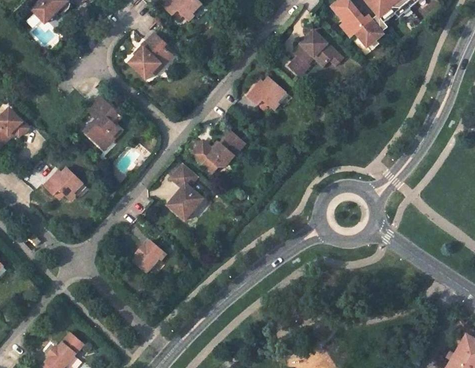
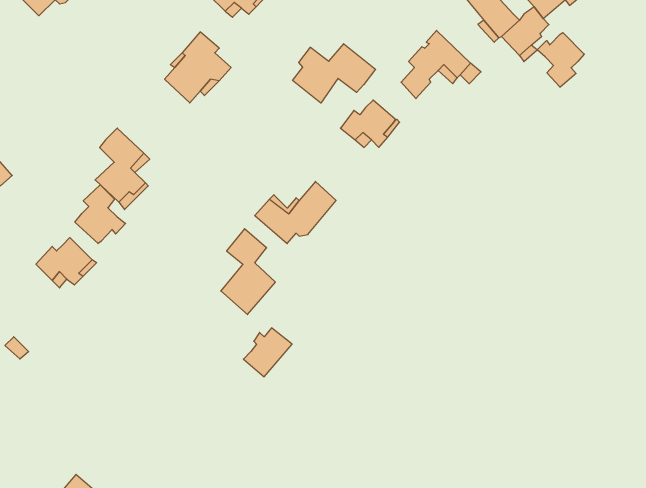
building: none -> [537,33,584,87]
building: none -> [293,44,376,103]
building: none -> [75,185,126,244]
building: [134,242,167,275] -> [243,328,292,377]

